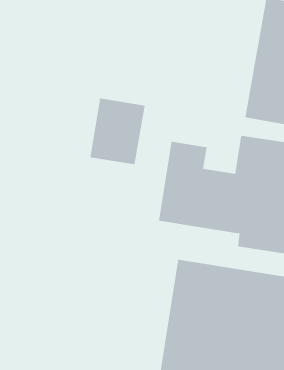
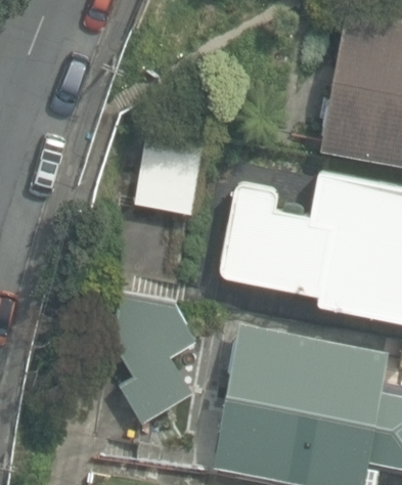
building: none -> [113,293,196,424]

